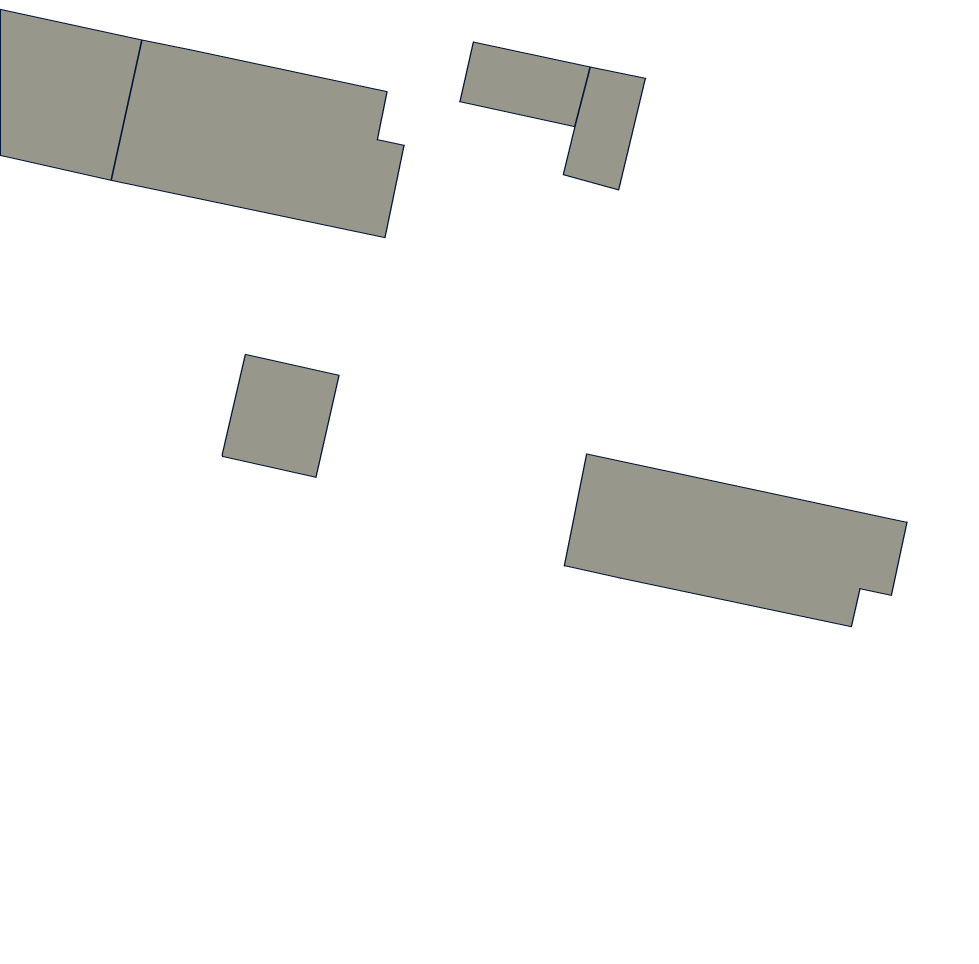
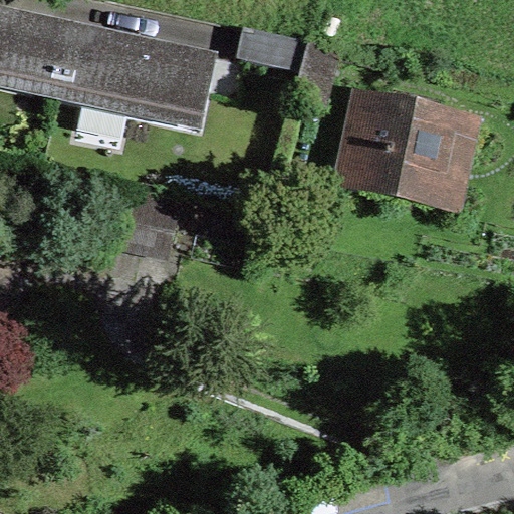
building: none -> [341,96,478,210]
building: [564,454,907,627] -> none

